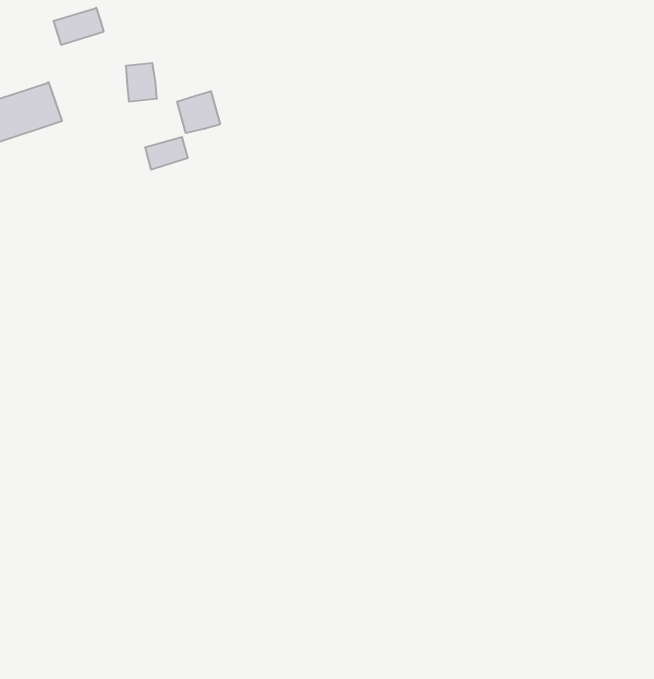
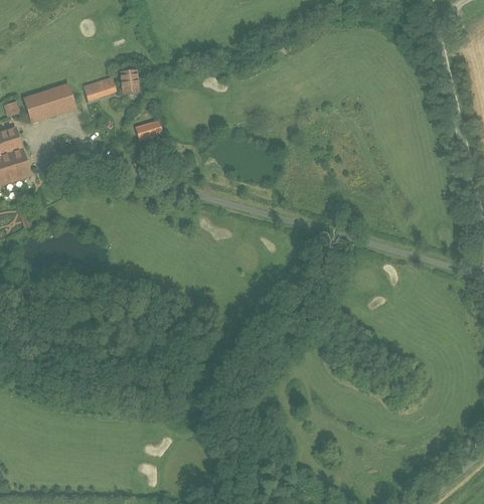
building: [53,8,104,45] -> [82,76,116,102]
building: [177,91,220,133] -> none

